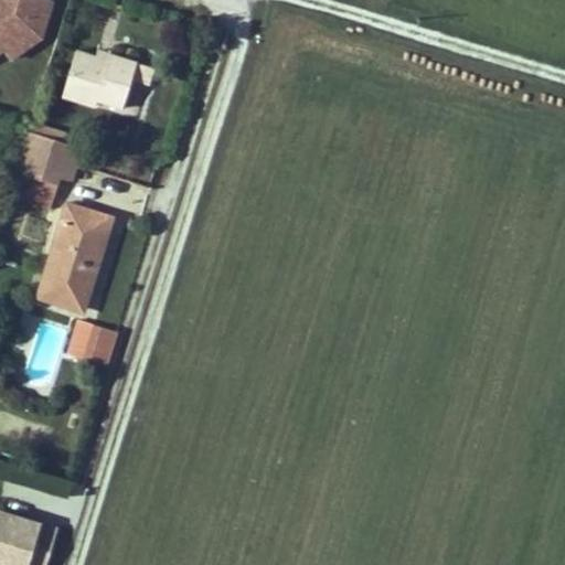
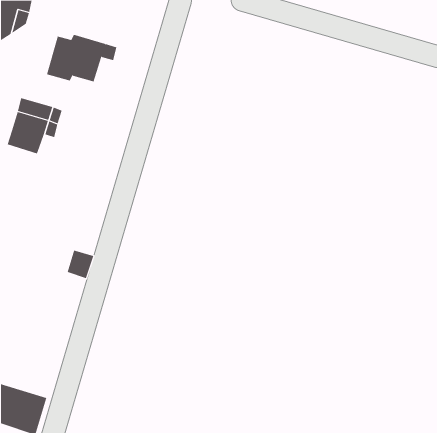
building: [38,207,111,310] -> none

